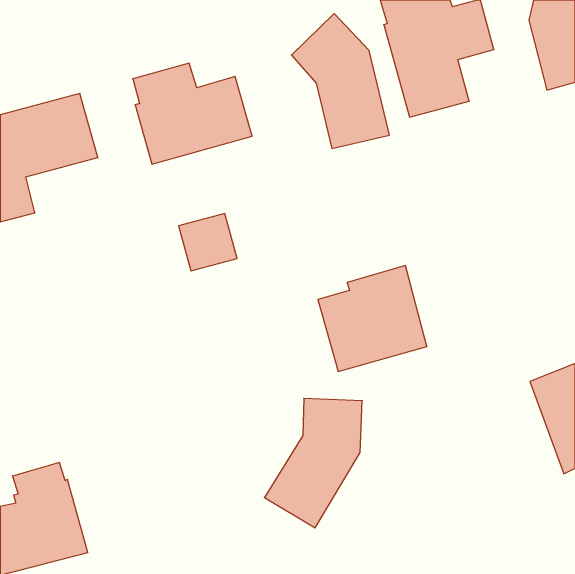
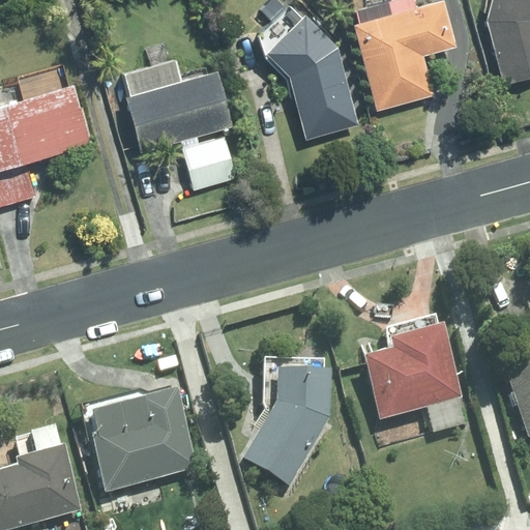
building: [179,214,237,271] -> [180,138,234,190]
building: [318,266,427,371] -> [363,322,464,419]
building: none -> [92,386,200,491]

